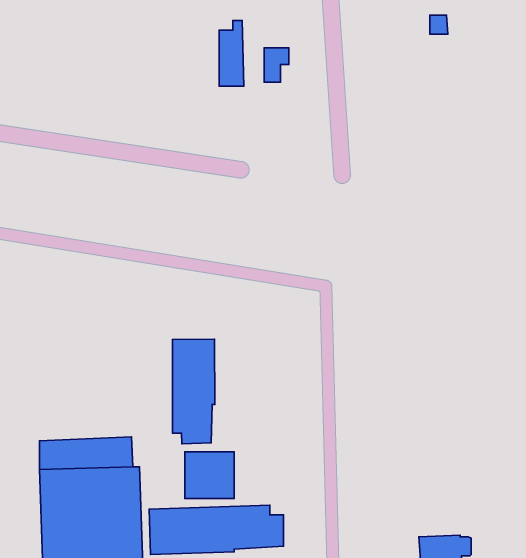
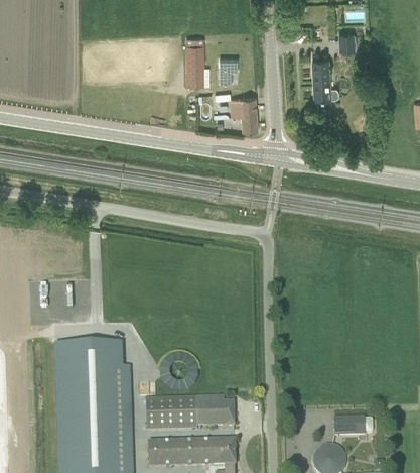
building: none -> [312,56,338,97]
building: none -> [231,94,258,129]
building: [173,339,215,444] -> none

